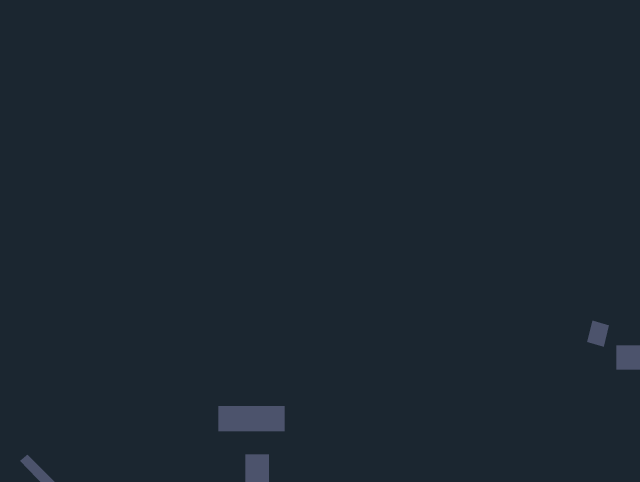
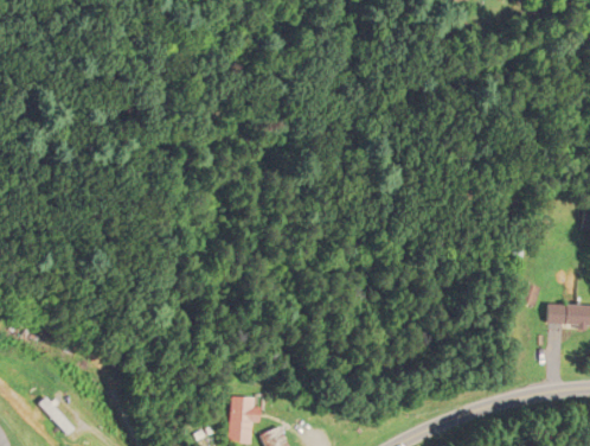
building: [218,405,285,432] -> none

